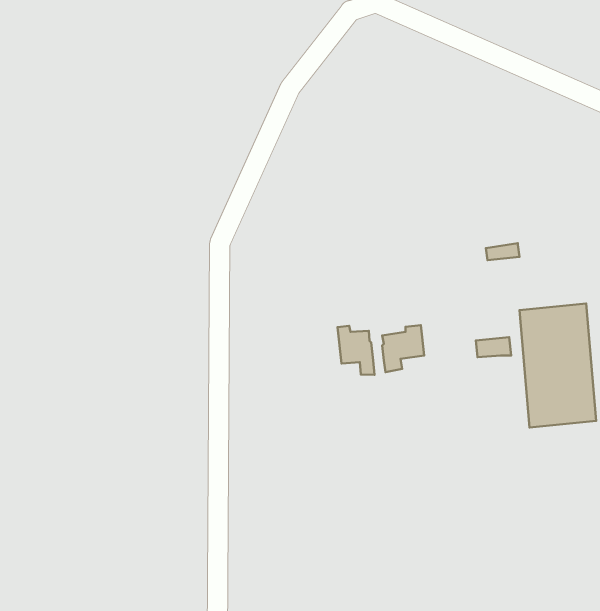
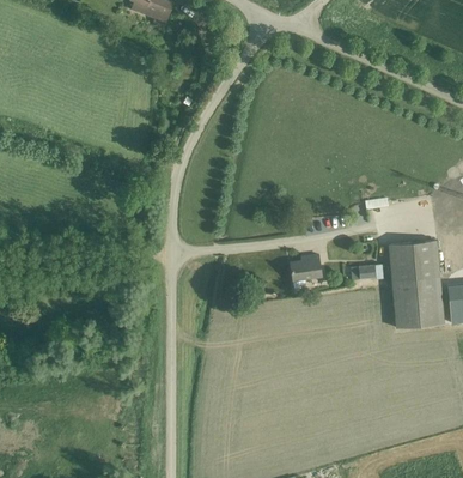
building: [337,326,374,375] -> none

